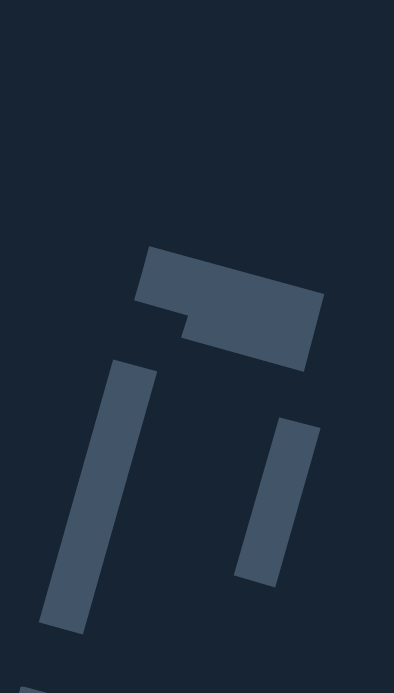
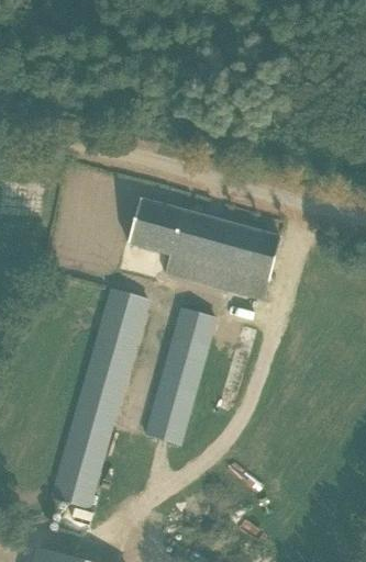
building: [233,417,321,588] -> [145,308,215,445]

